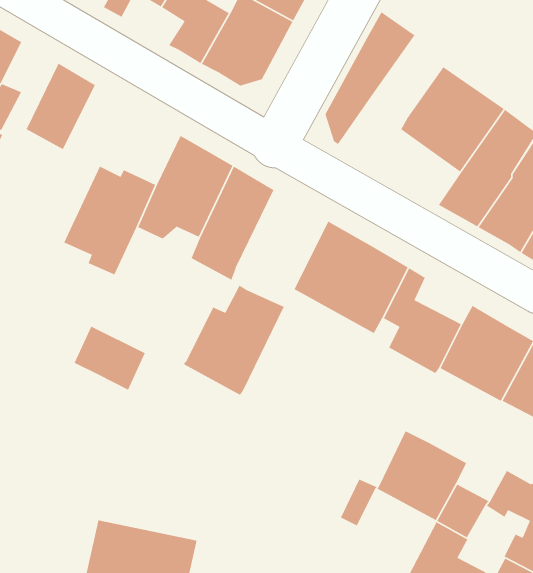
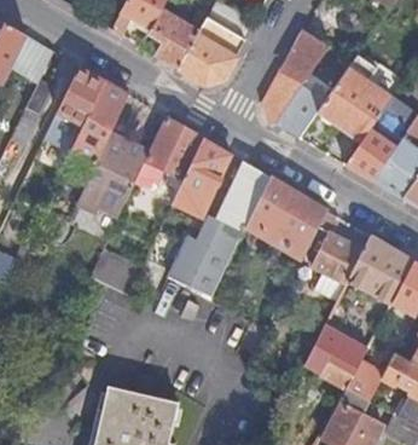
building: none -> [64,81,128,179]
building: none -> [275,87,324,138]
building: none -> [211,162,268,238]

